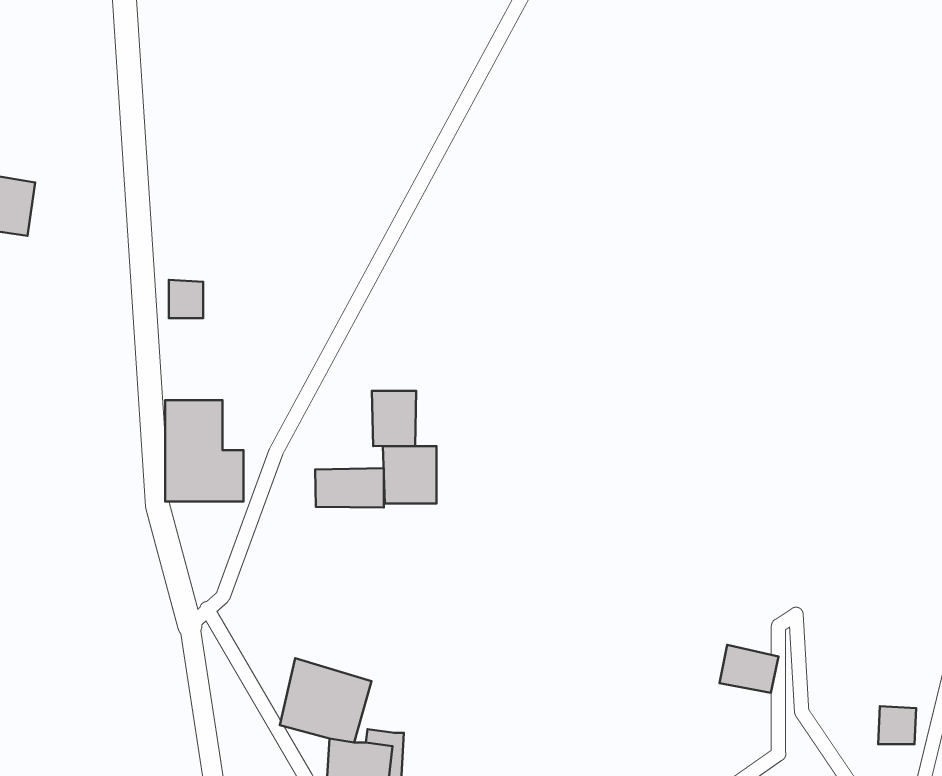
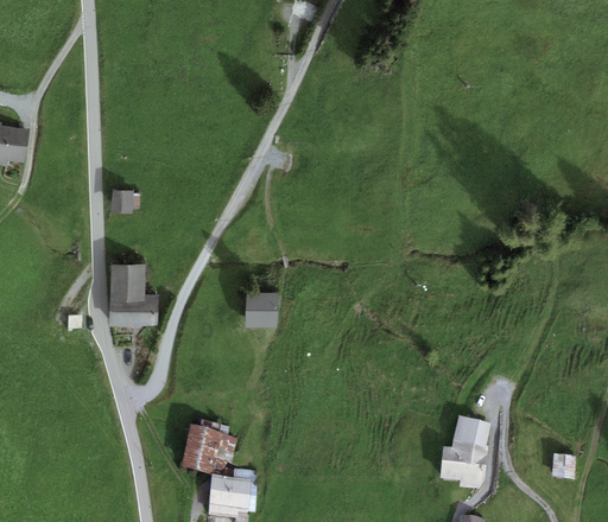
building: [372,391,416,446] -> none
building: [315,468,384,508] -> none
building: none -> [441,439,486,488]

